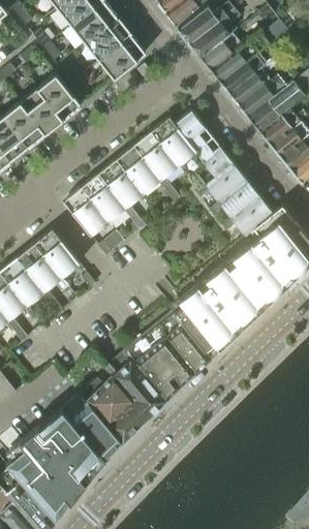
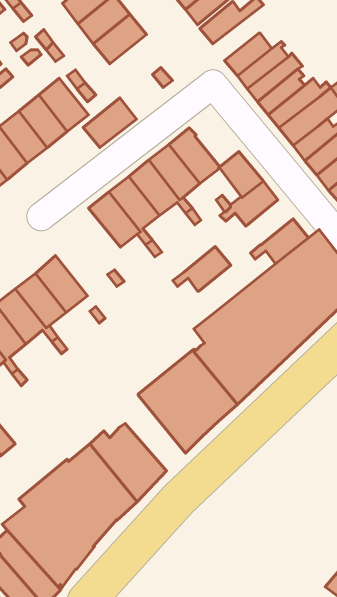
building: [190,9,240,58] -> none
building: [100,35,147,79] -> [83,98,137,148]
building: [175,111,213,151] -> none
building: [210,180,260,219] -> [173,246,231,291]
building: [64,187,110,236] -> none
building: [106,350,166,416] -> none

